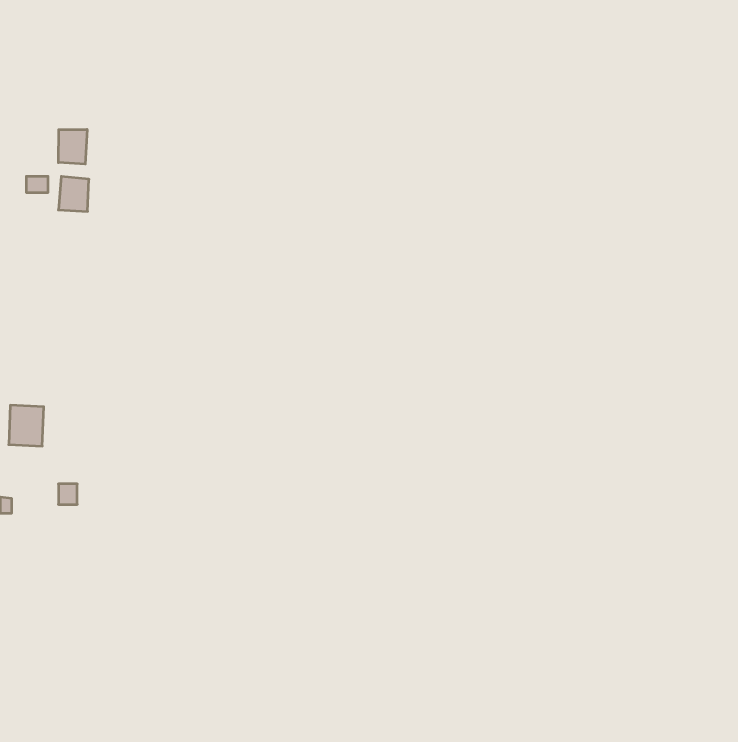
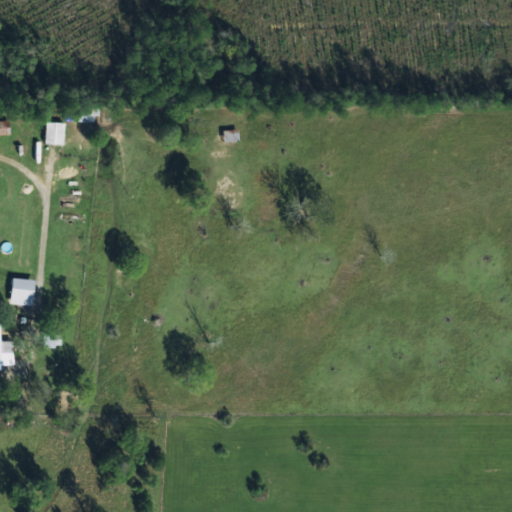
building: [58,129,87,164] -> none

